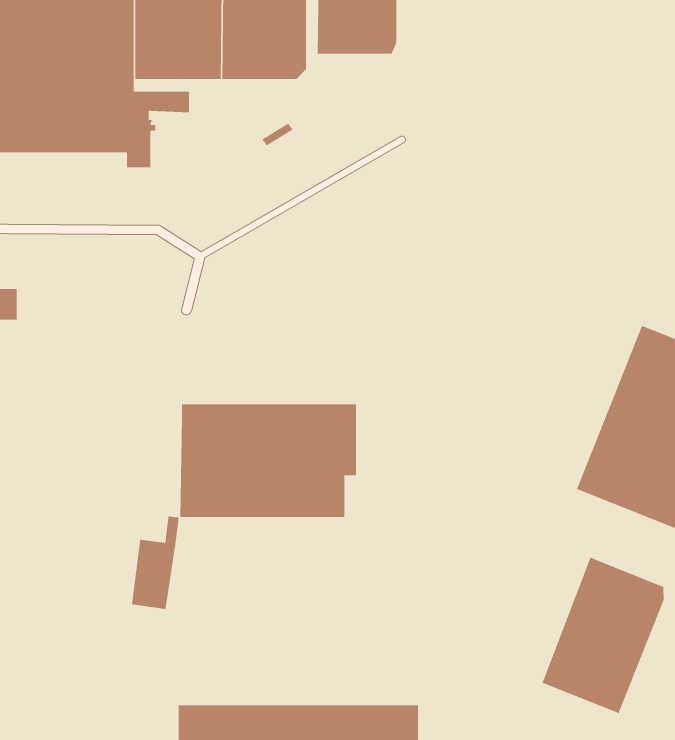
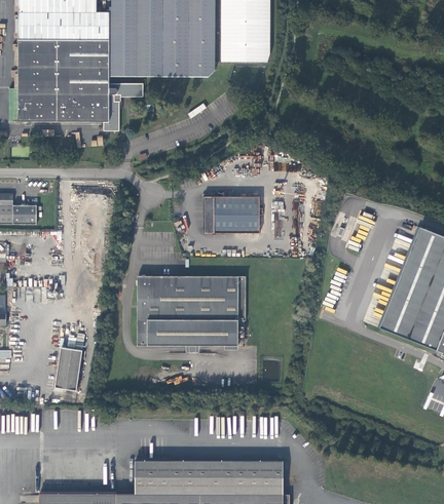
building: none -> [204,197,258,233]
building: [131,516,180,609] -> [54,334,84,391]
building: [542,557,664,714] -> none

